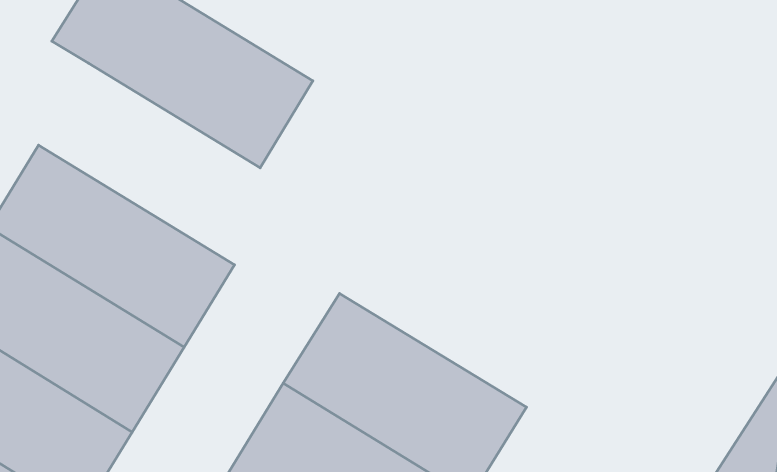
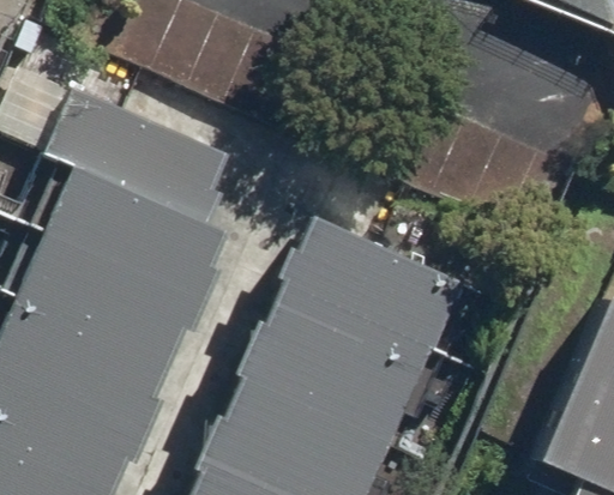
building: none -> [43,167,227,297]
building: none -> [277,221,462,369]

